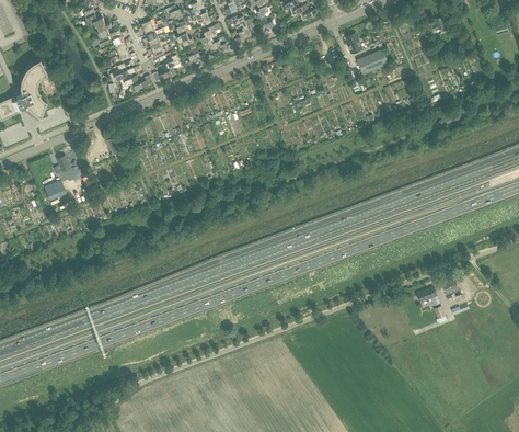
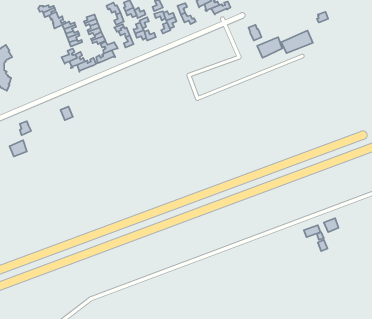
building: none -> [281,30,313,53]

